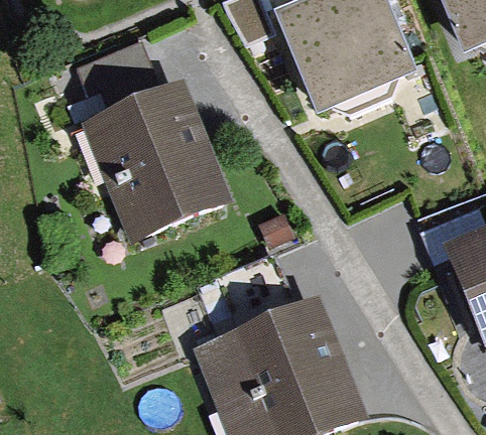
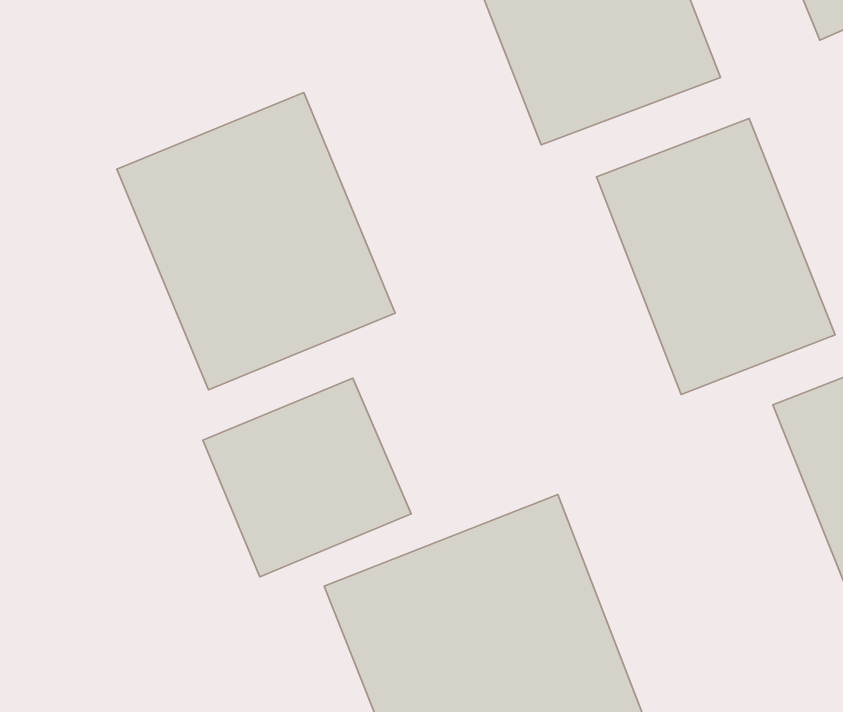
building: none -> [596,118,835,394]
building: none -> [203,378,411,577]

